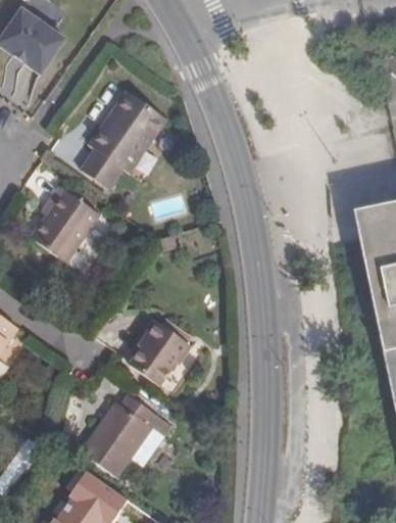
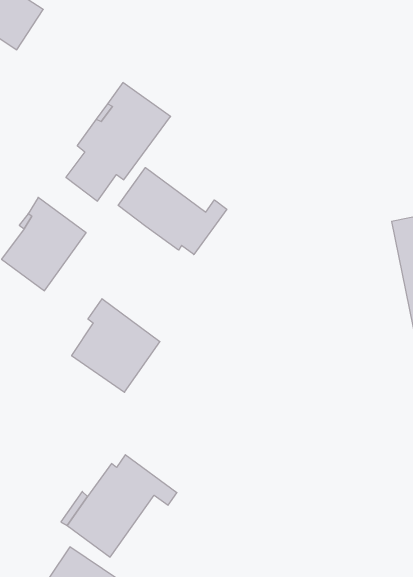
building: none -> [118,168,227,255]
building: [134,320,205,395] -> [72,299,160,392]

